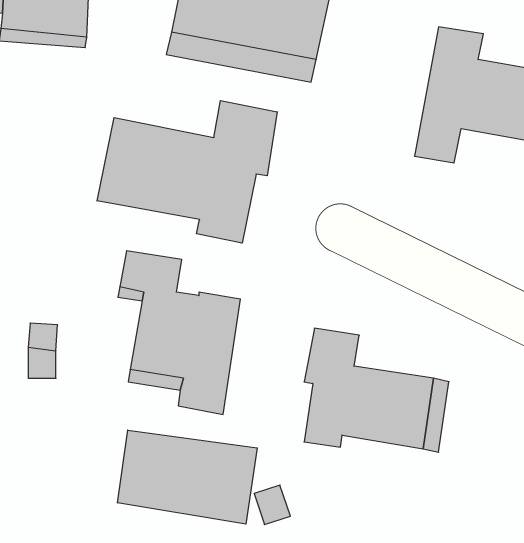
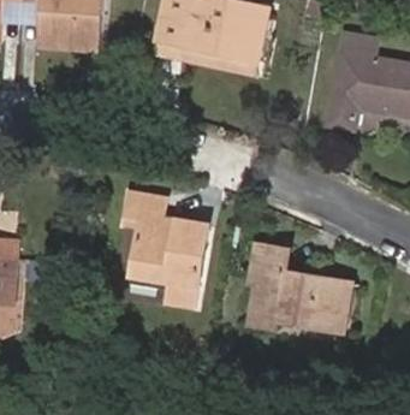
building: [97,101,277,243] -> none
building: [118,430,257,524] -> none

